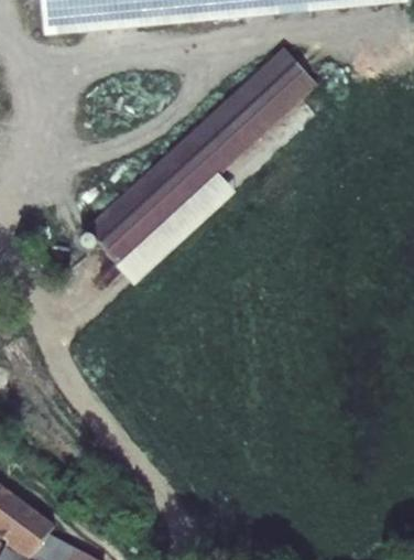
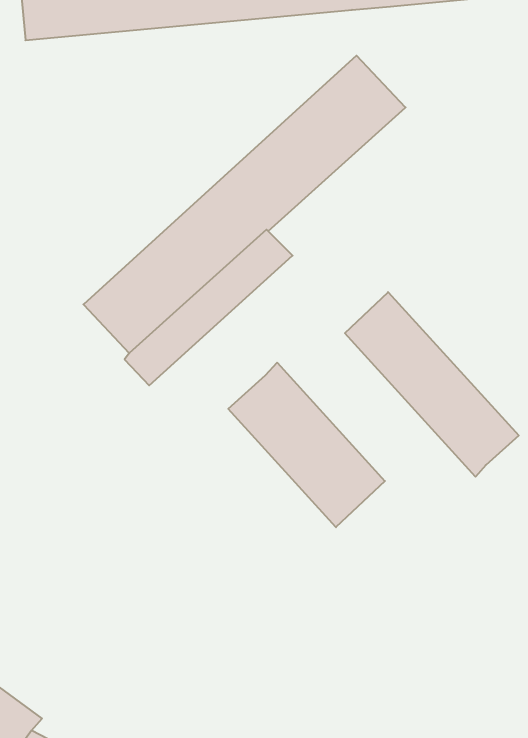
building: none -> [345,292,519,477]
building: none -> [228,363,385,527]

